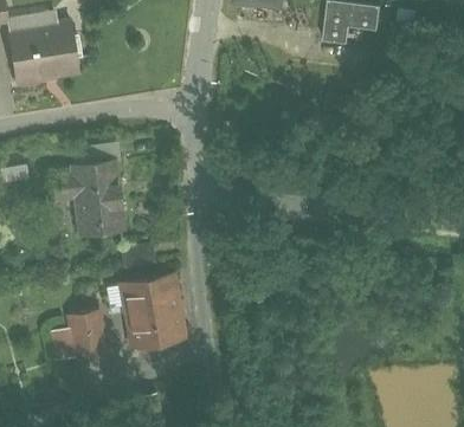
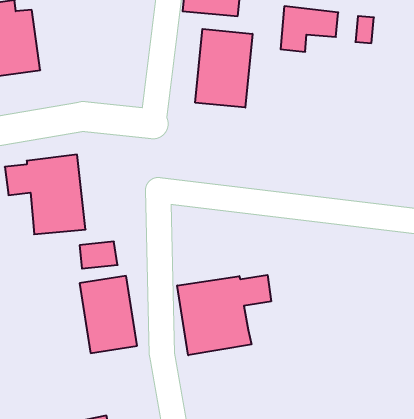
building: none -> [195,29,252,108]
building: none -> [177,275,271,355]
building: [53,309,110,357] -> none

